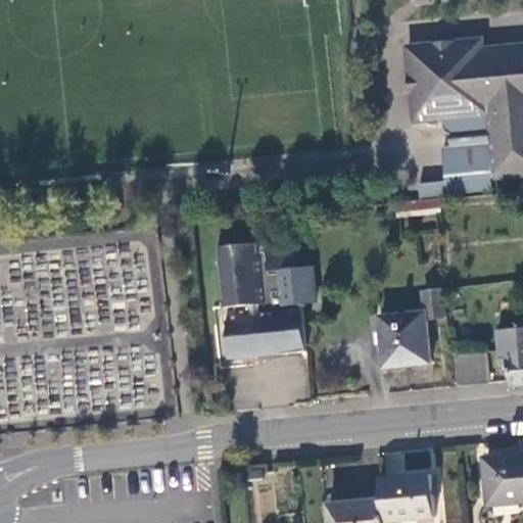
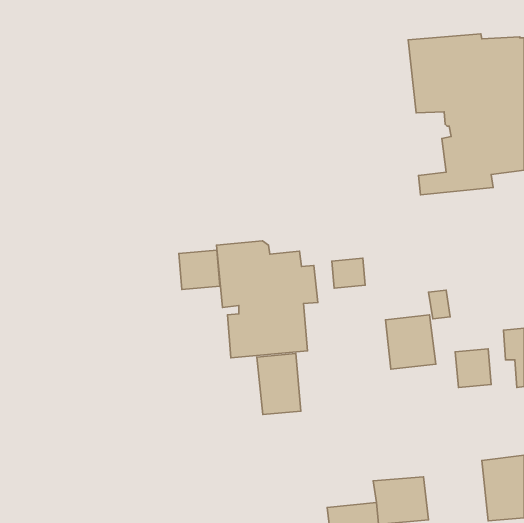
building: none -> [179,250,220,290]
building: none -> [332,258,365,288]
building: none -> [257,354,301,414]

